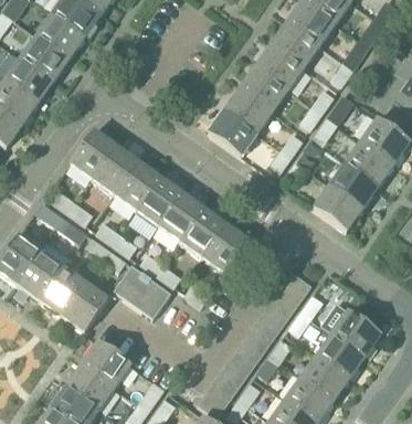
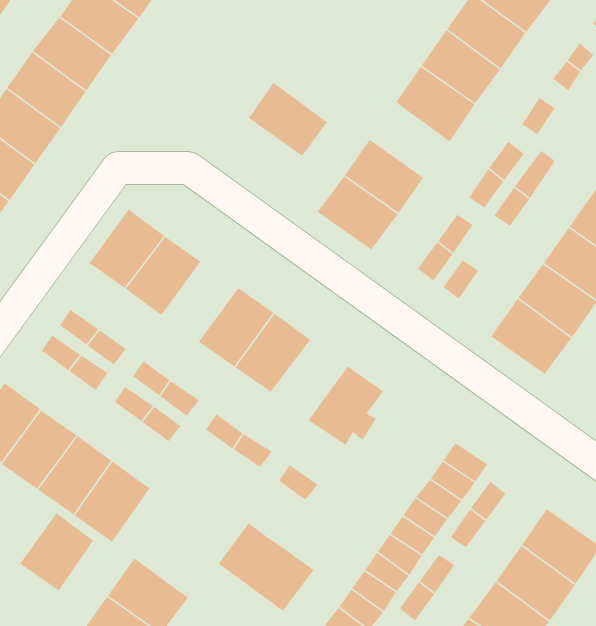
building: [240,65,288,110] -> [248,82,328,157]
building: [114,161,160,210] -> none
building: [180,209,226,257] -> none
building: [113,264,171,318] -> [218,522,314,612]
building: none -> [19,512,94,592]

